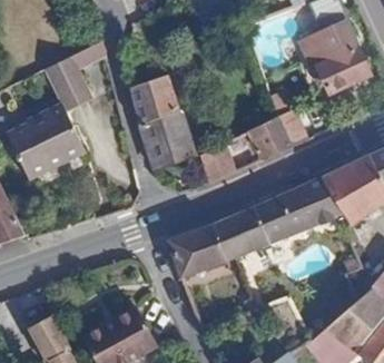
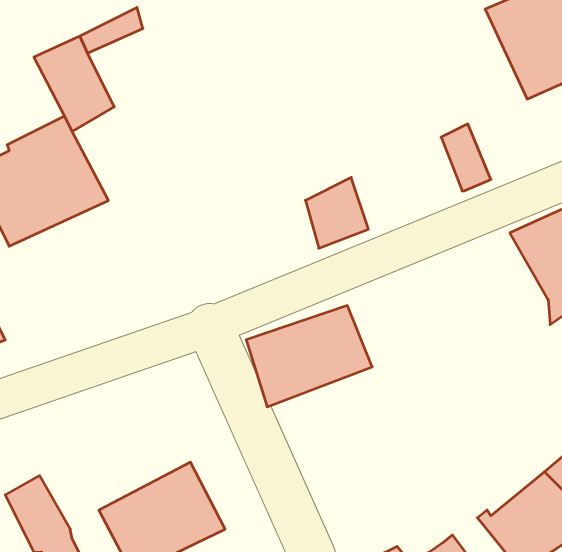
building: [131,75,194,169] -> none
building: [250,117,293,161] -> none
building: [226,173,343,251] -> none

